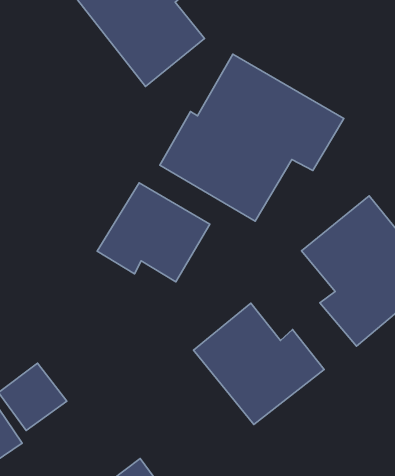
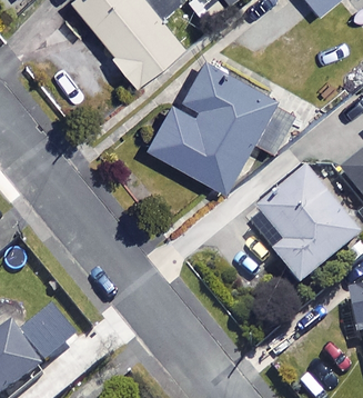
building: [97,183,210,282] -> none
building: [193,303,324,425] -> none

